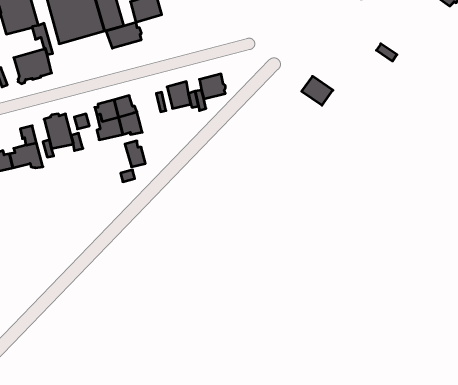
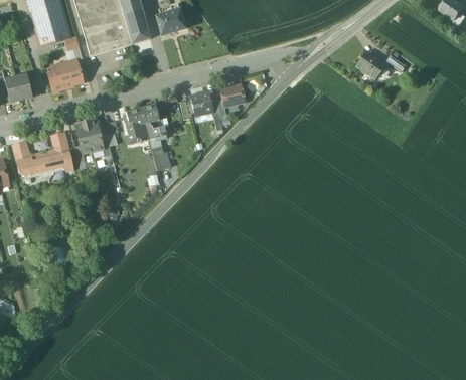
building: [106,22,141,48] -> none
building: [302,76,333,105] -> [356,51,385,78]

